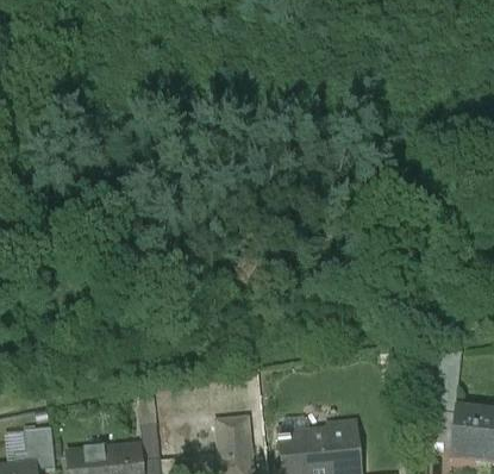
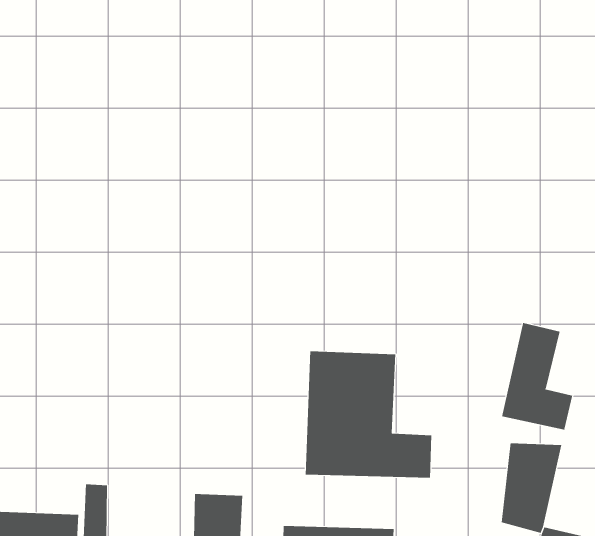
building: none -> [502,322,573,431]
building: none -> [305,350,432,479]

